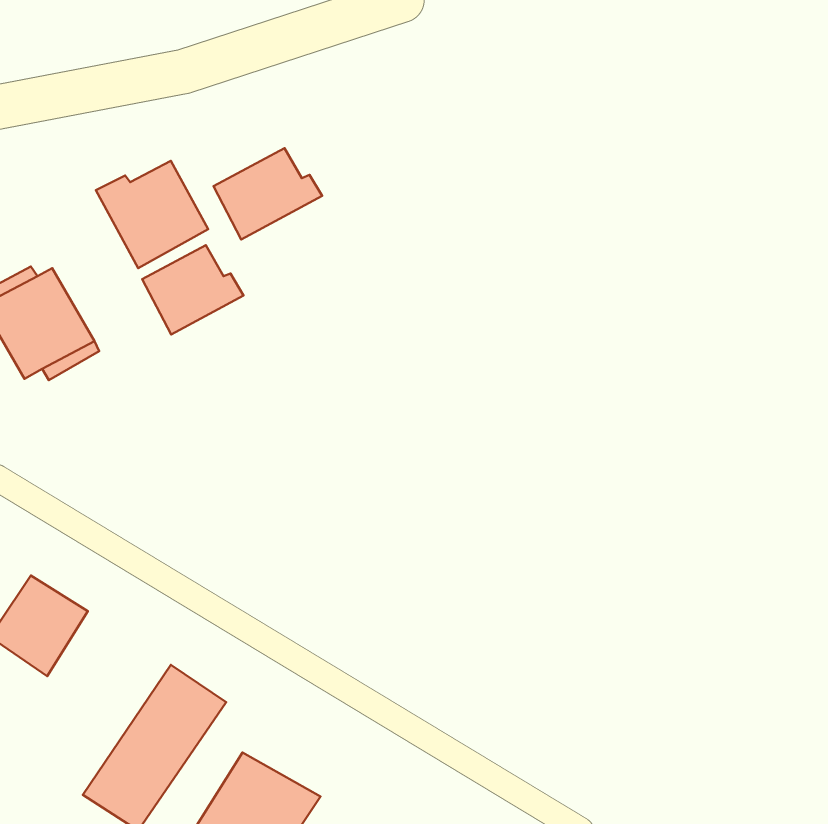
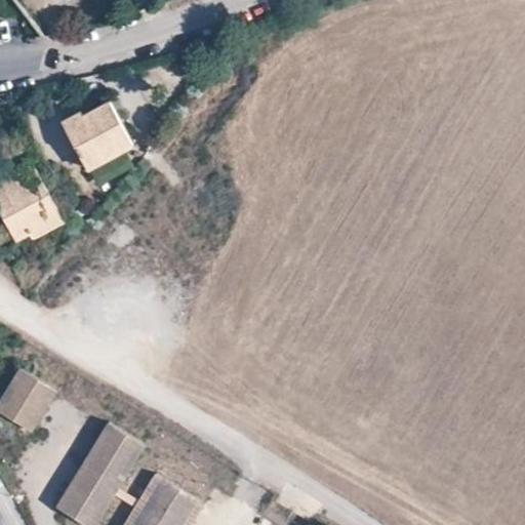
building: [214,148,322,240] -> none
building: [142,245,243,334] -> none

